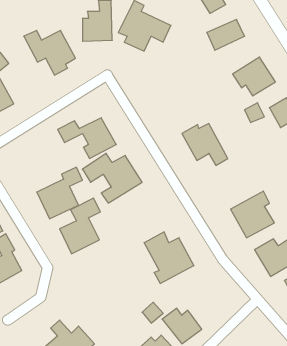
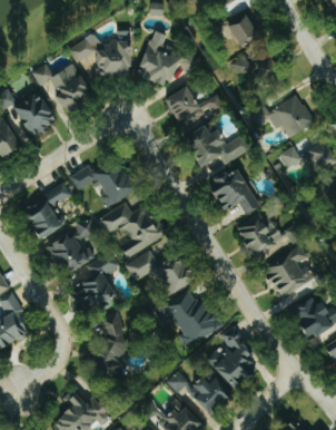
building: none -> [68,35,101,60]
building: none -> [164,86,221,124]
building: none -> [13,91,56,136]
building: none -> [184,125,249,166]
building: none -> [22,184,70,238]
building: none -> [237,211,302,260]
building: none -> [123,250,195,294]
building: none -> [93,312,129,382]
building: none -> [209,325,256,391]

